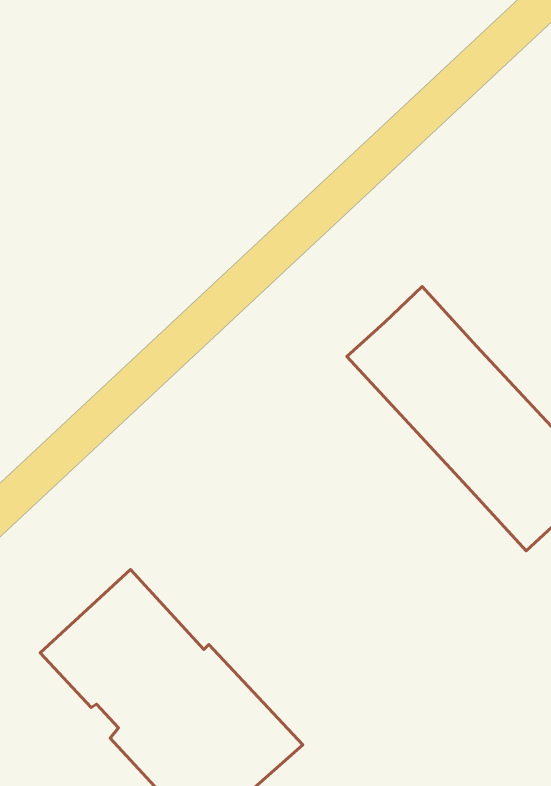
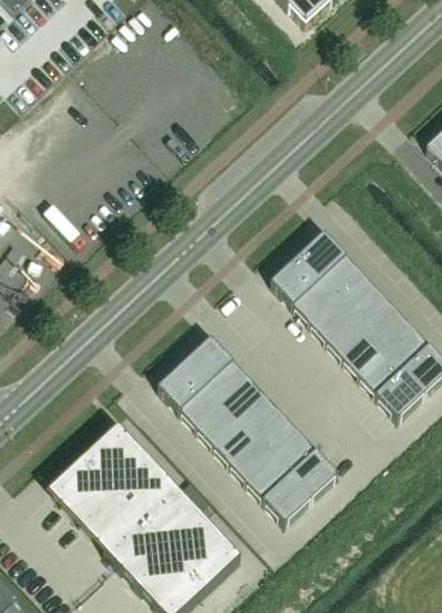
building: none -> [157,335,337,521]

